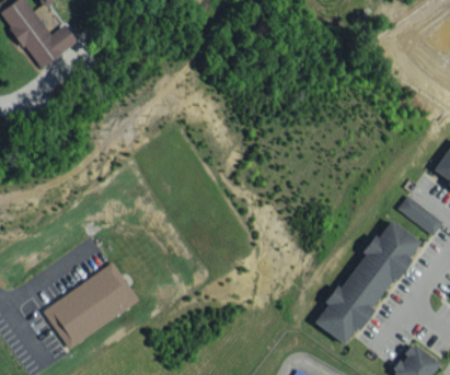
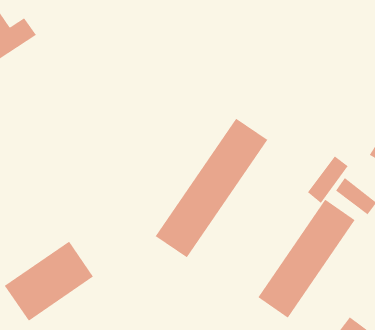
building: none -> [155,118,268,258]
building: none -> [307,156,348,204]

